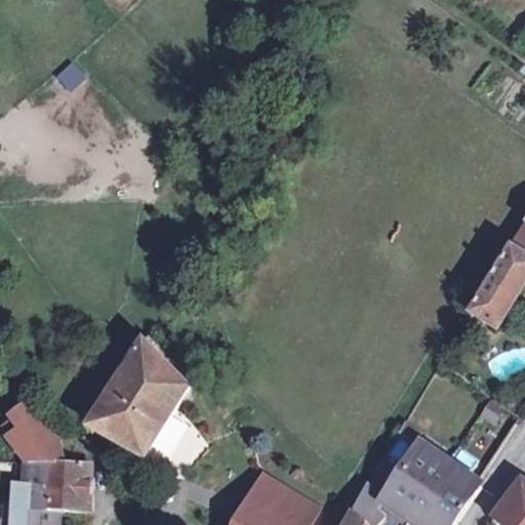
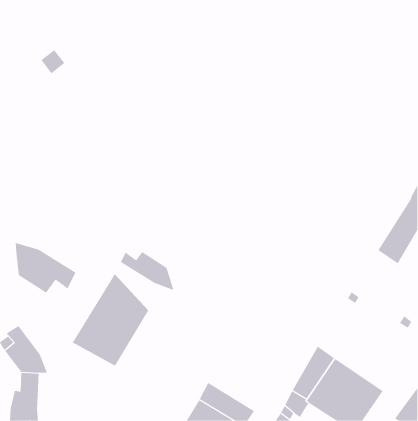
building: none -> [15,242,76,294]
building: none -> [120,251,174,291]
building: [47,462,87,512] -> none

